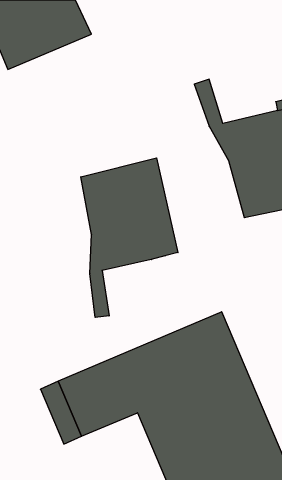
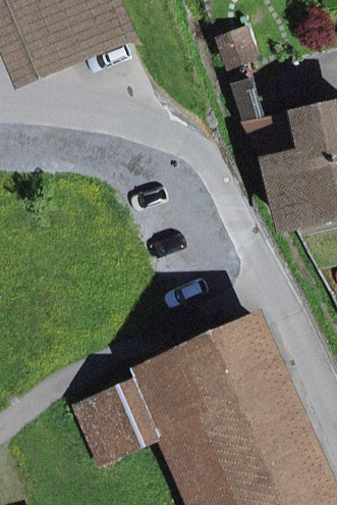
building: [81,158,178,317] -> none

